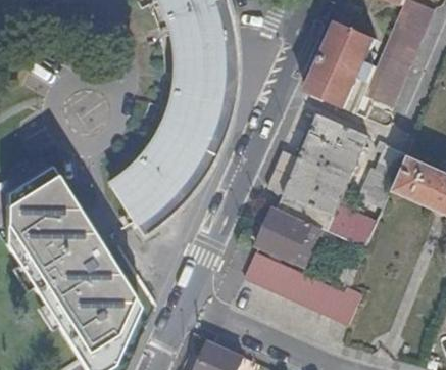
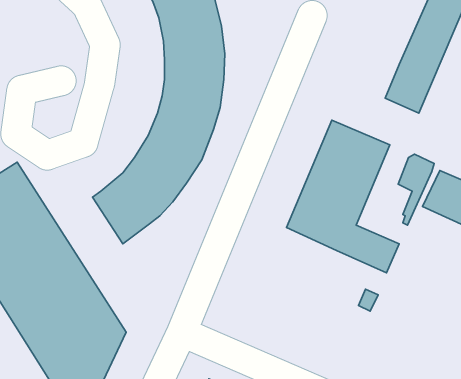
building: [307,21,378,113] -> none
building: [257,207,323,269] -> none
building: [246,253,363,325] -> none

